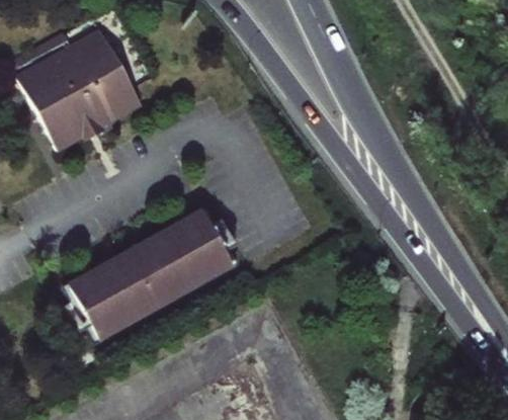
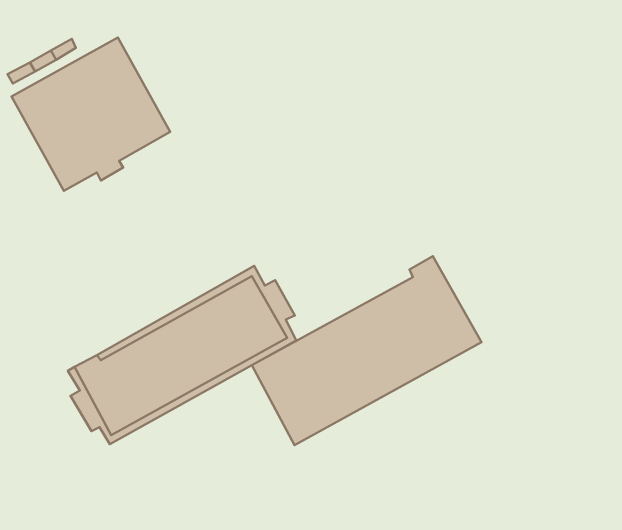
building: none -> [252,256,481,445]

